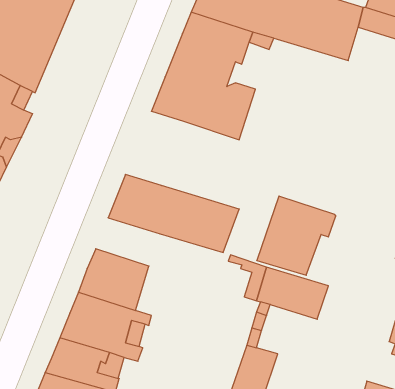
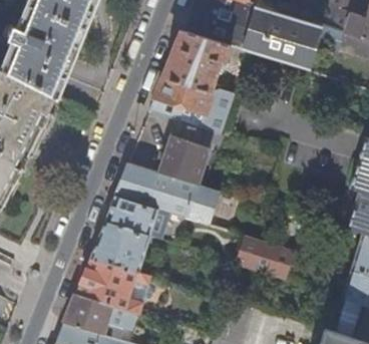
building: [257,196,336,275] -> [157,118,222,183]
building: none -> [104,197,156,236]

